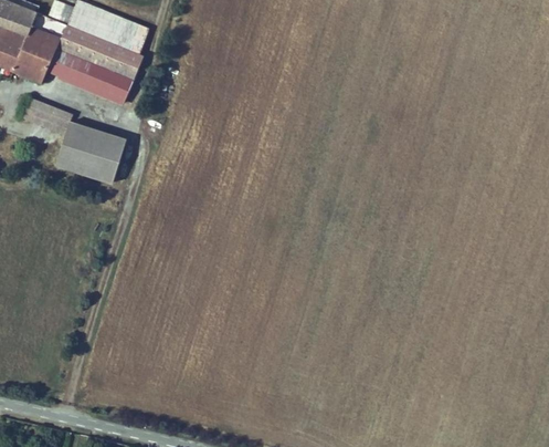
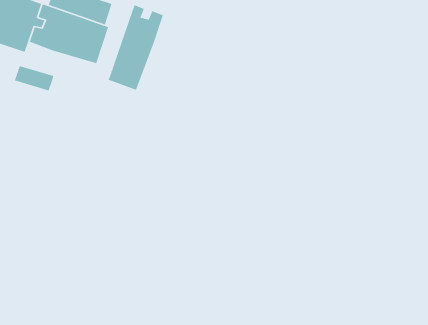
building: none -> [108,4,164,91]
building: [59,122,123,180] -> none

